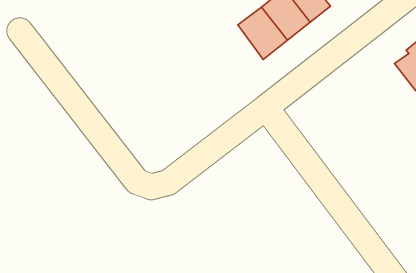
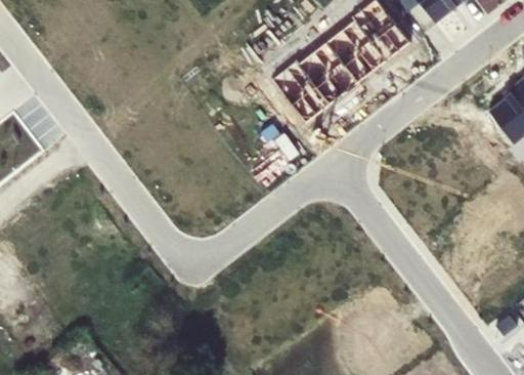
building: none -> [270,60,329,124]

